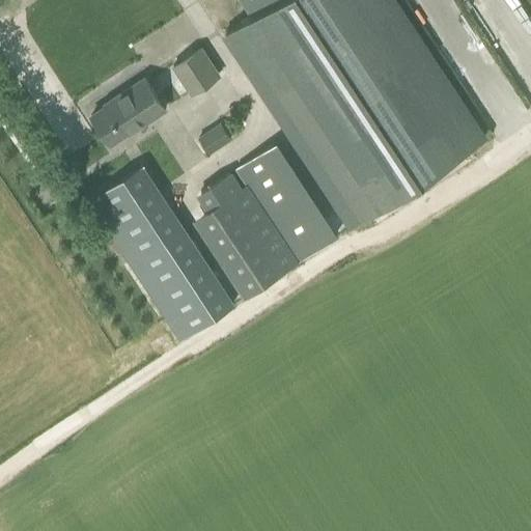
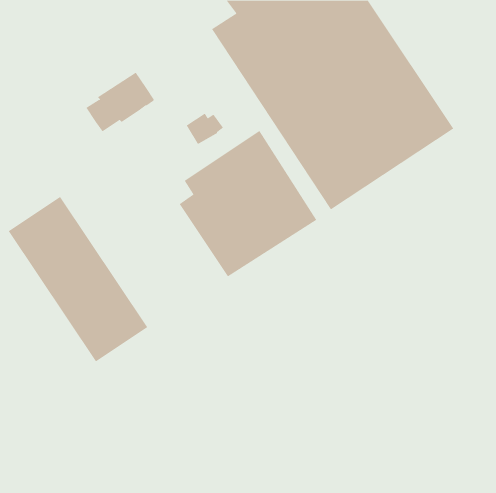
building: [176,52,219,94] -> none
building: [87,166,236,343] -> [8,196,148,362]

